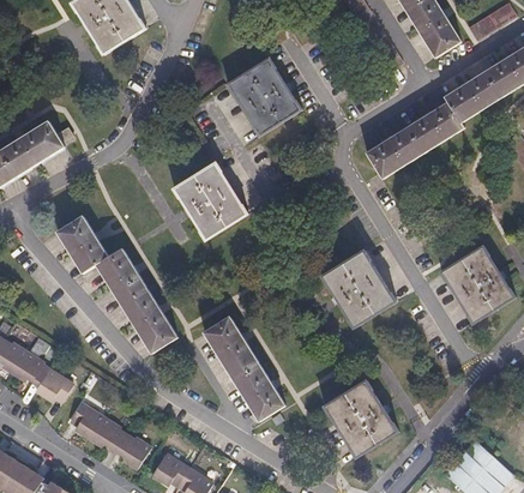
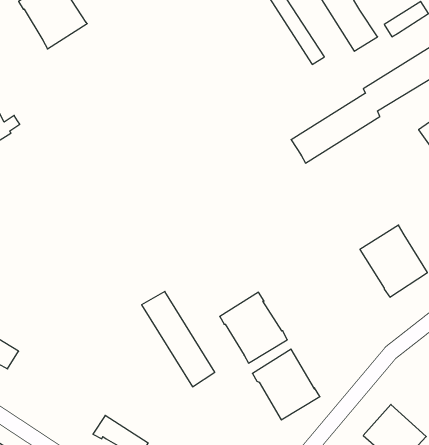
building: [228,59,302,136] -> none
building: [174,163,248,239] -> none
building: [58,215,176,351] -> none
building: [323,249,396,326] -> [220,292,287,363]
building: [71,401,150,464] -> none

